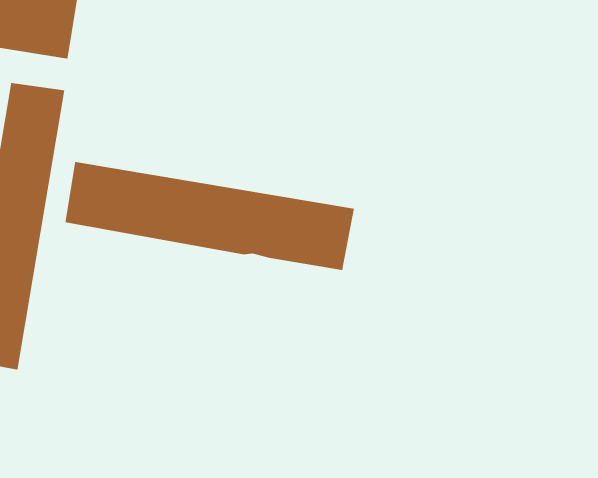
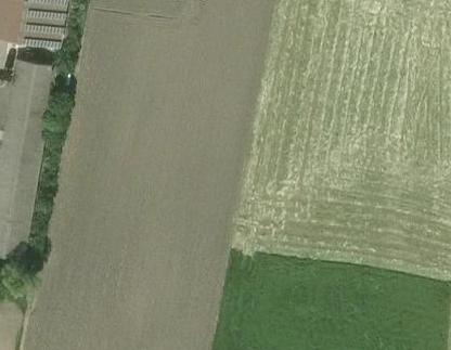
building: [65,161,354,271] -> none

